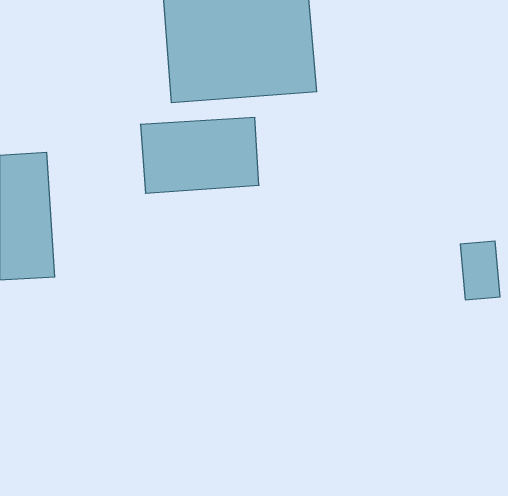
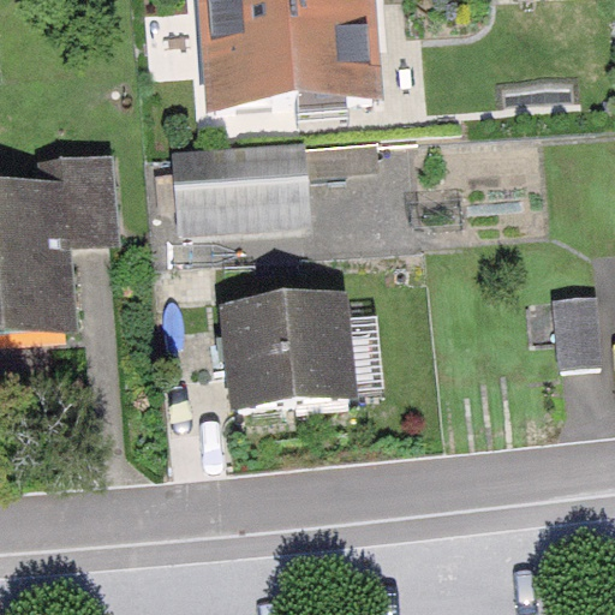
building: none -> [60,151,118,249]
building: none -> [219,295,358,407]

